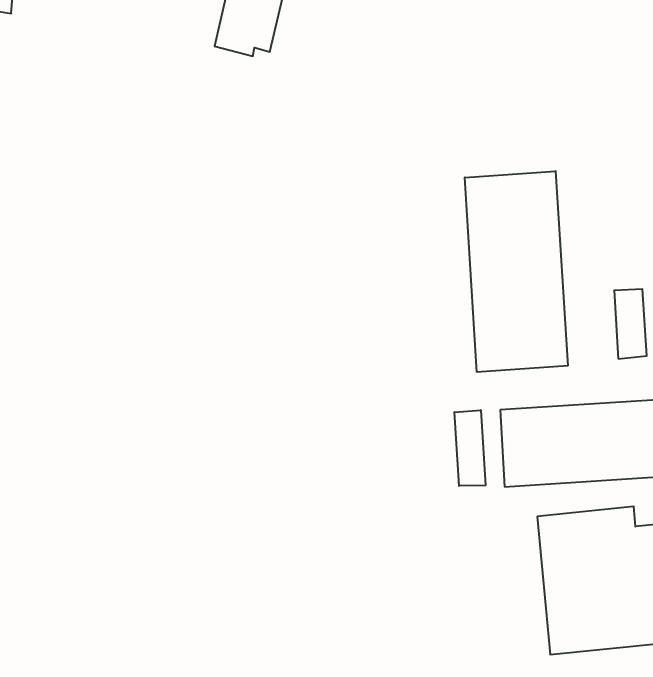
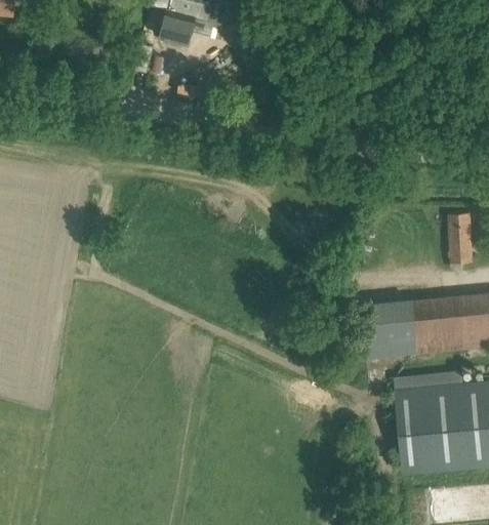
building: [465,171,568,372] -> none
building: [454,410,486,486] -> none

